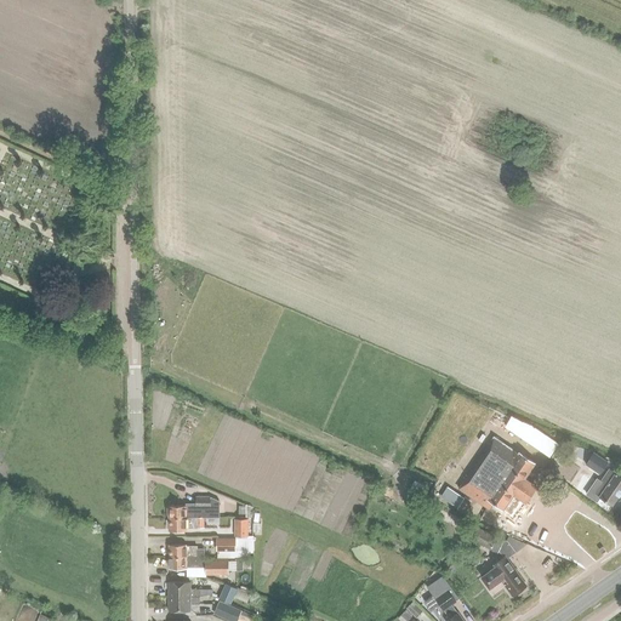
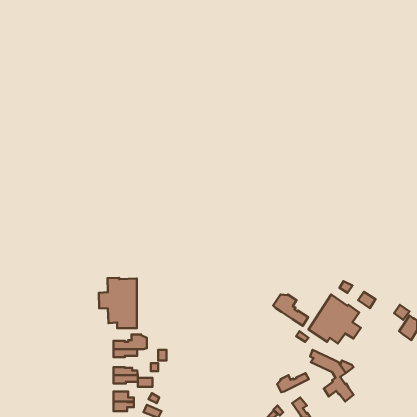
building: none -> [99,278,137,328]
building: none -> [273,294,308,326]
building: none -> [277,373,309,392]

